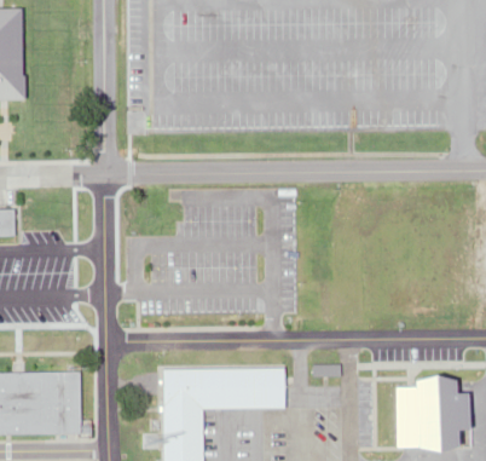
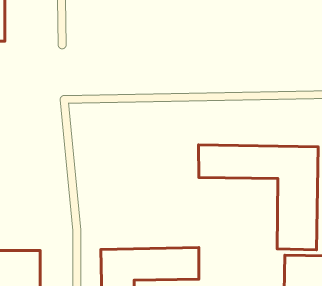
building: none -> [199,145,318,250]

